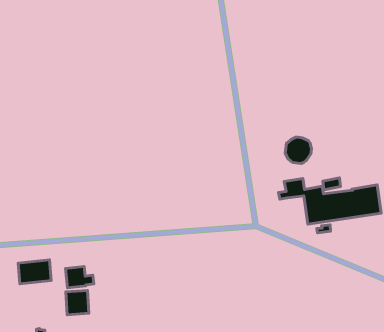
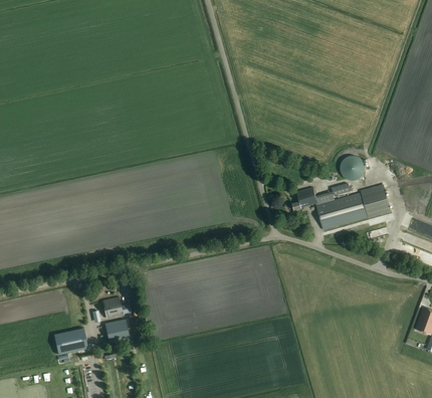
building: [285,137,312,163] -> [341,156,365,180]
building: [18,260,51,284] -> [56,327,89,353]

